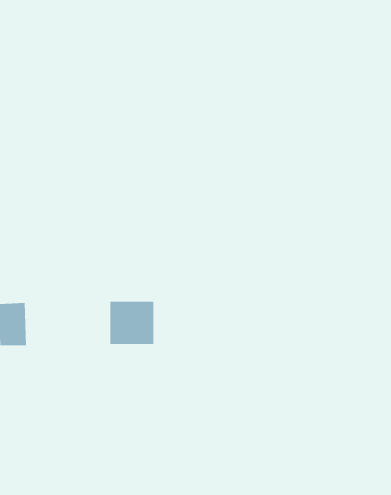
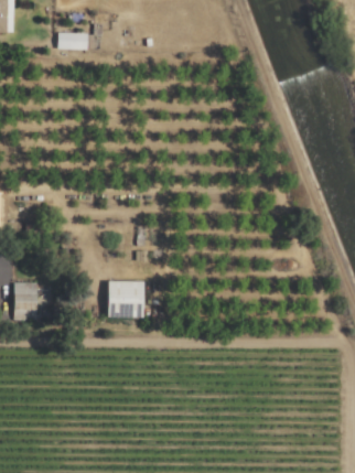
building: none -> [57,32,88,50]

